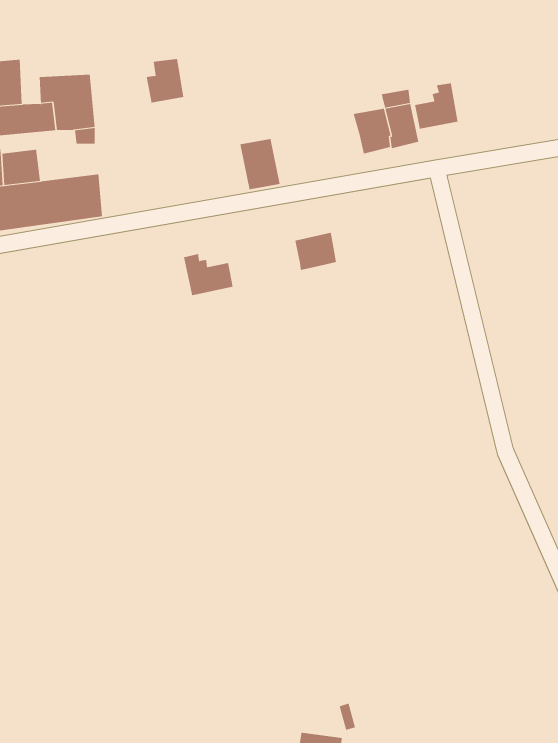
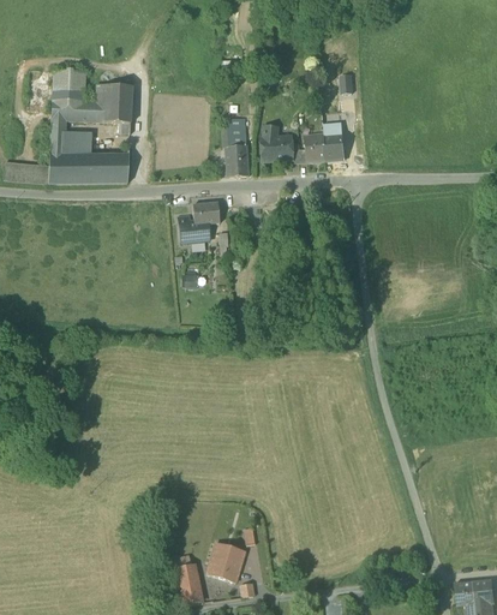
building: [146,58,184,105] -> [223,117,247,145]
building: [414,83,458,130] -> none
building: none -> [262,125,292,159]
building: [295,232,337,270] -> [193,201,220,223]

